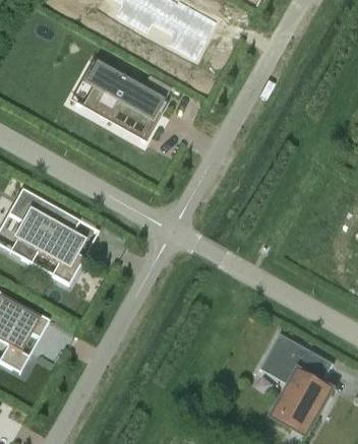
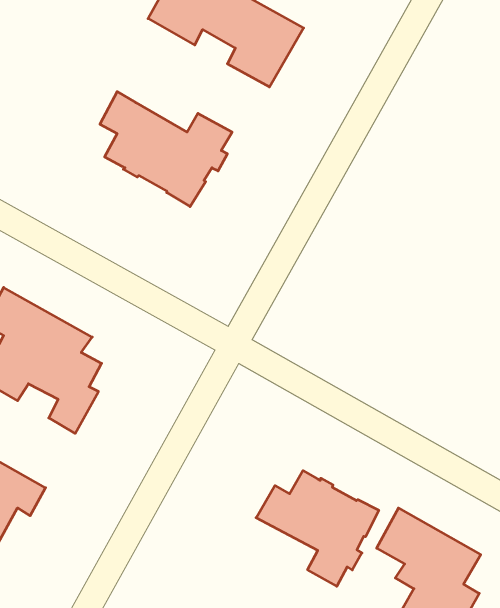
building: none -> [256,471,379,586]

